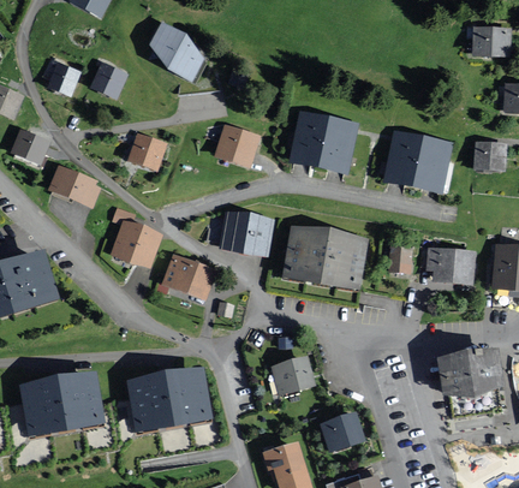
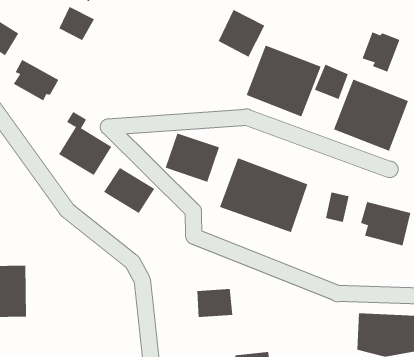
building: none -> [362,31,400,73]
building: none -> [314,64,348,100]
building: [215,121,260,167] -> [218,9,265,57]
building: [130,133,165,166] -> [58,6,95,41]
building: [129,365,213,430] -> none

